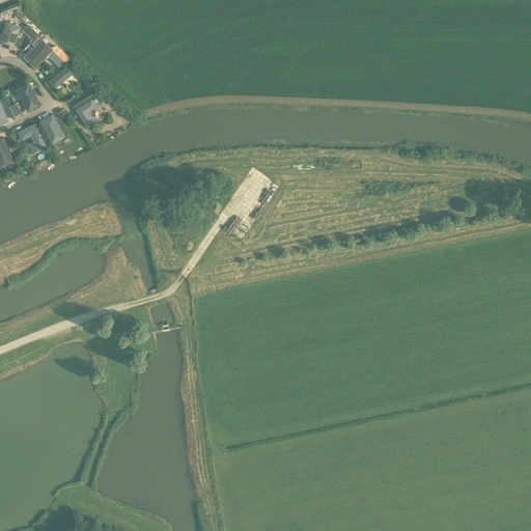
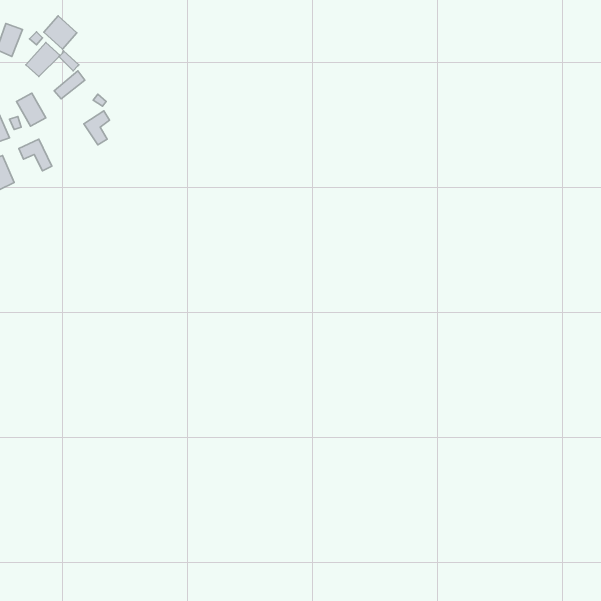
building: none -> [44,16,77,49]
building: [38,114,64,145] -> none

